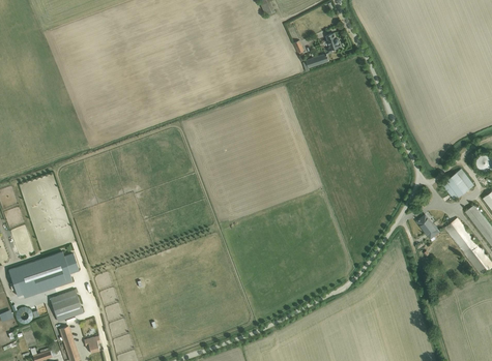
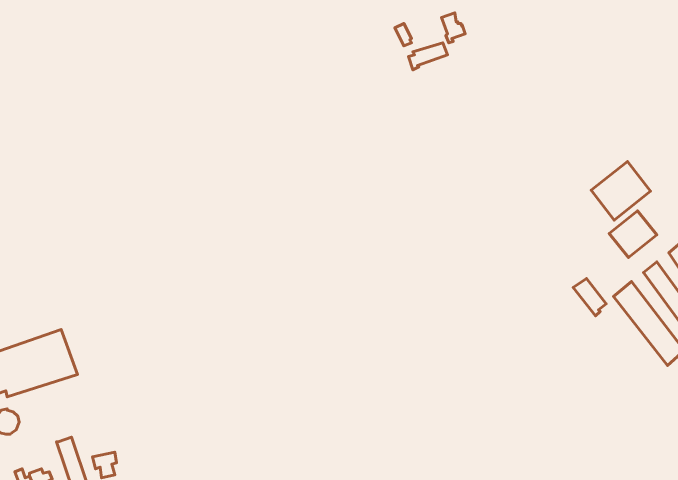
building: none -> [591,161,650,220]
building: [50,290,83,322] -> none

